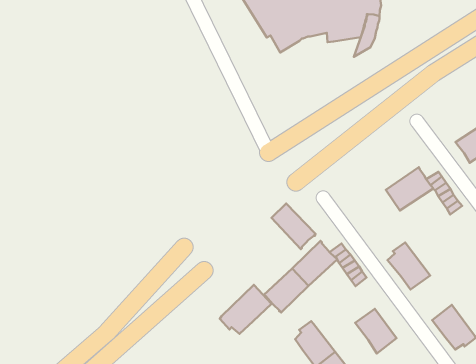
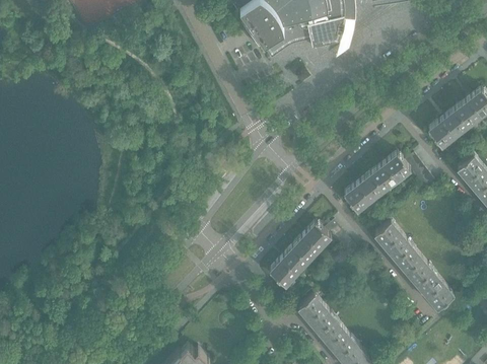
building: none -> [343,174,381,212]
building: [271,204,316,249] -> none
building: [220,285,272,334] -> none
building: [355,309,396,353] -> [395,246,431,285]

